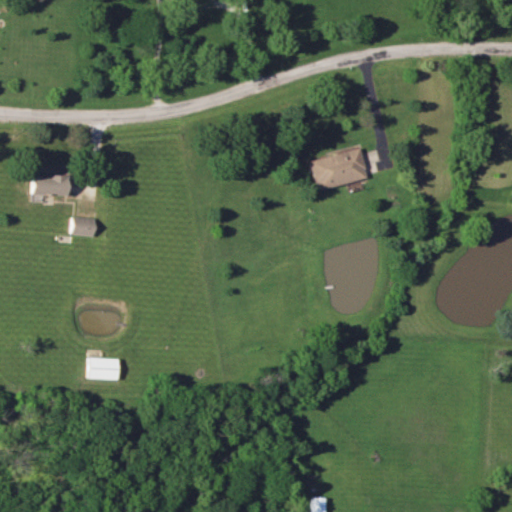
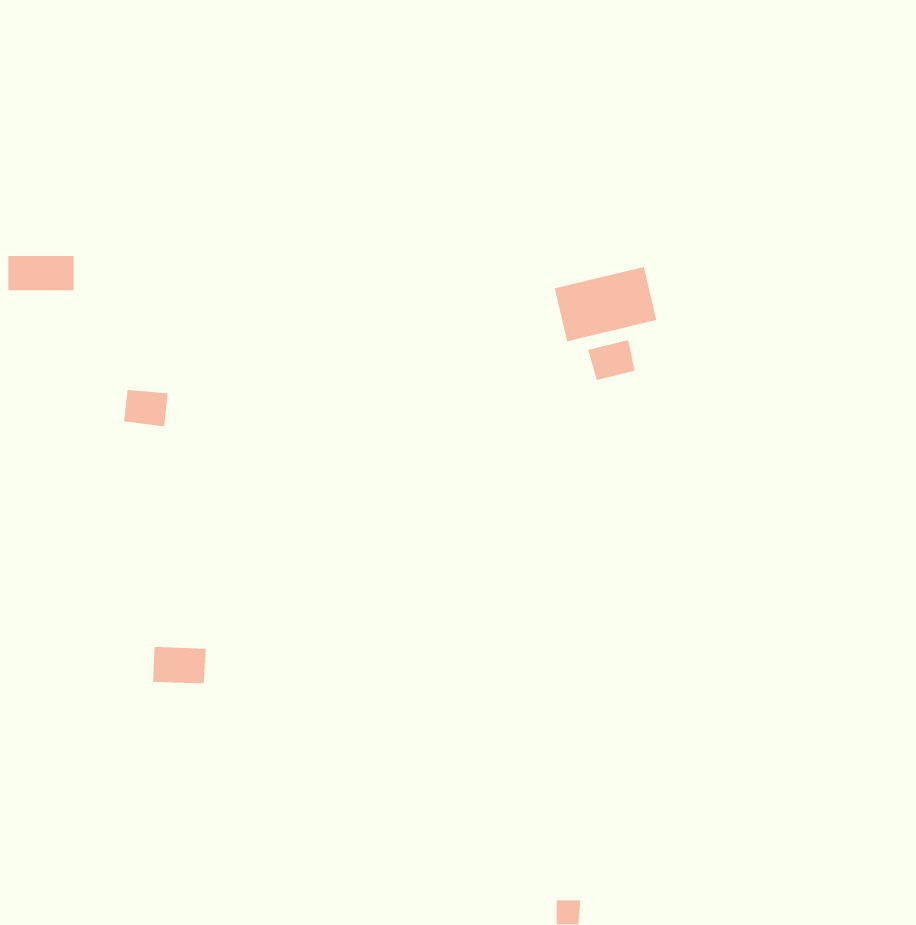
building: [33,174,70,194] -> [8,255,74,291]
building: none -> [587,339,636,381]

